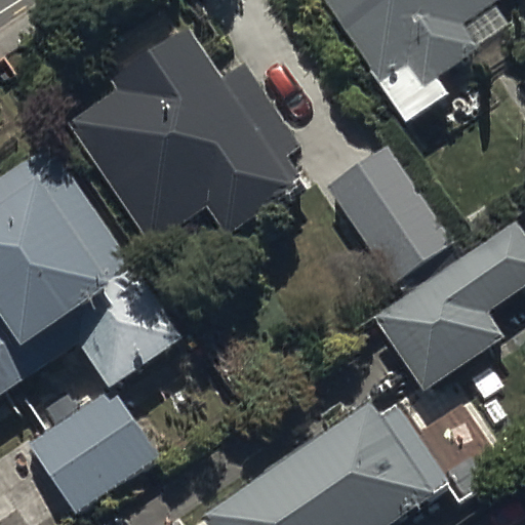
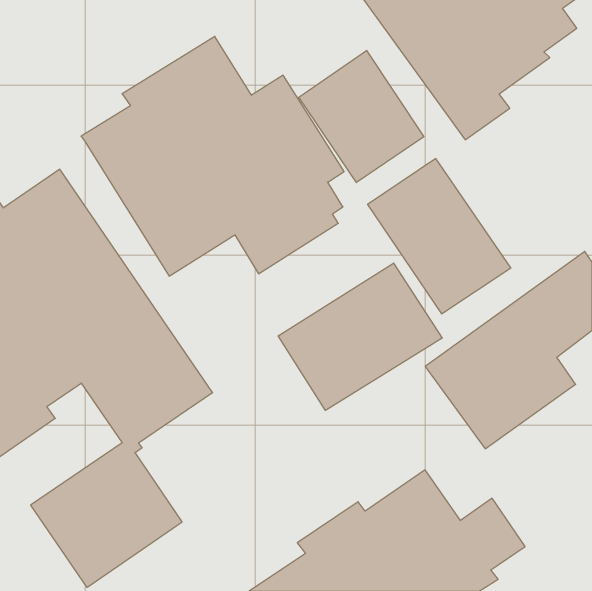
building: none -> [299,50,424,183]
building: none -> [278,263,442,410]

